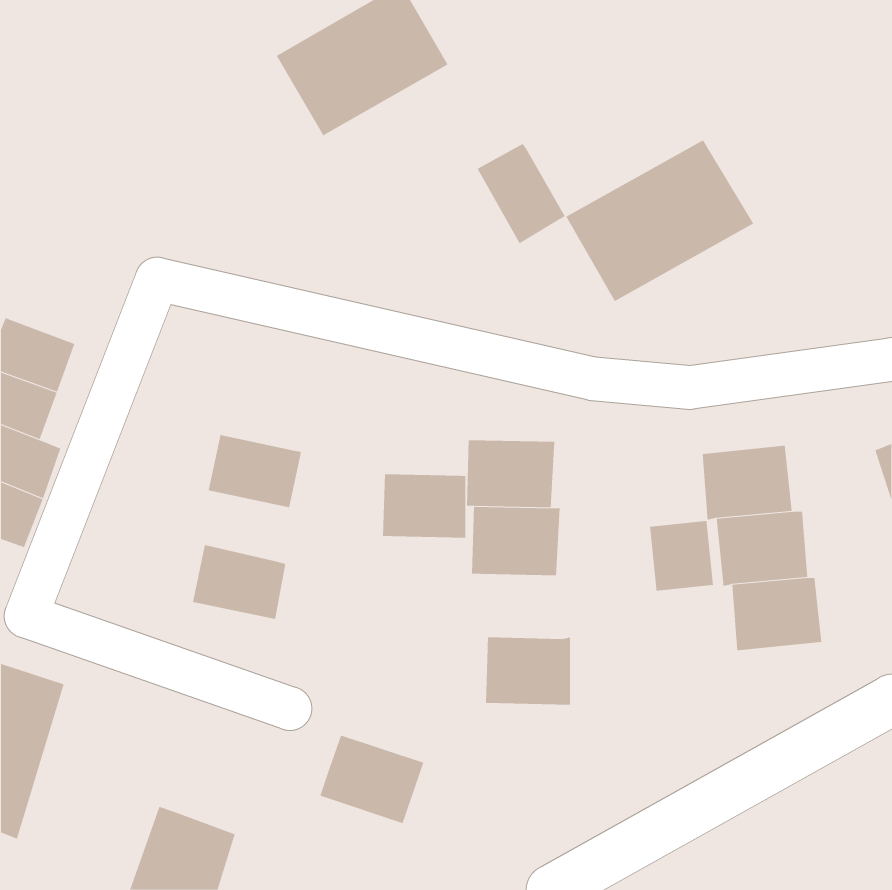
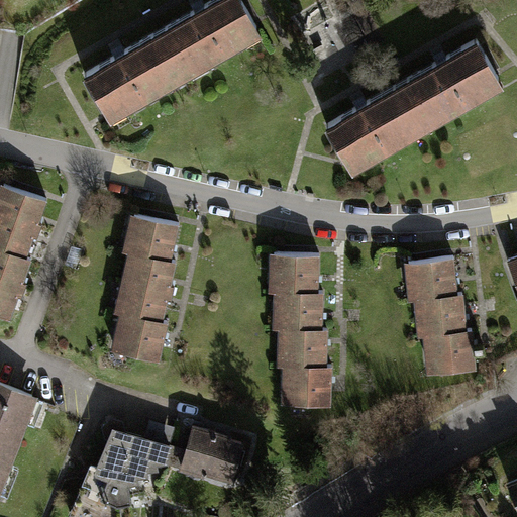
building: none -> [82,32,187,124]
building: none -> [407,44,500,129]
building: [477,143,566,244] -> none
building: none -> [122,216,177,261]
building: [382,474,466,538] -> [277,332,325,370]
building: none -> [113,284,168,325]
building: [650,520,714,592] -> none
building: none -> [101,428,189,483]

